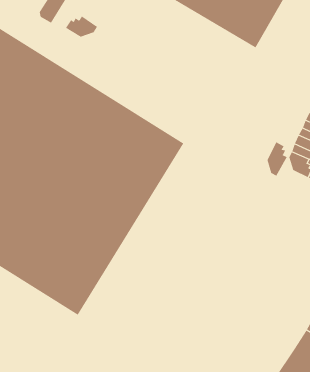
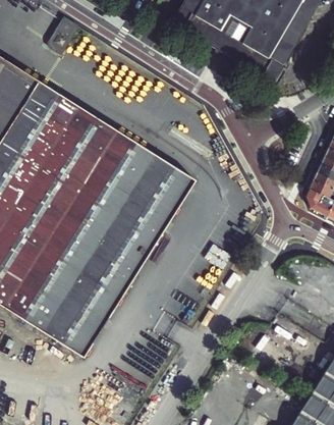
building: [65,16,98,37] -> none
building: [267,141,287,177] -> none

